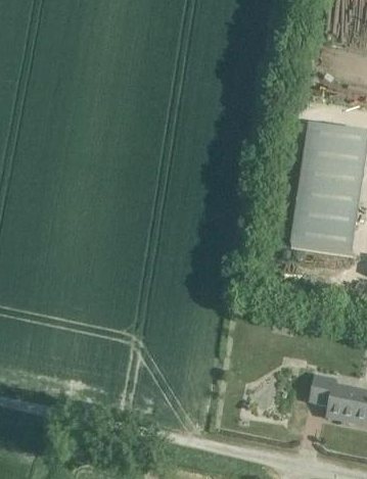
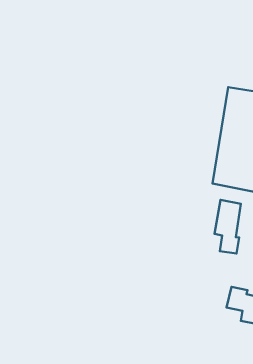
building: none -> [214,200,241,253]

